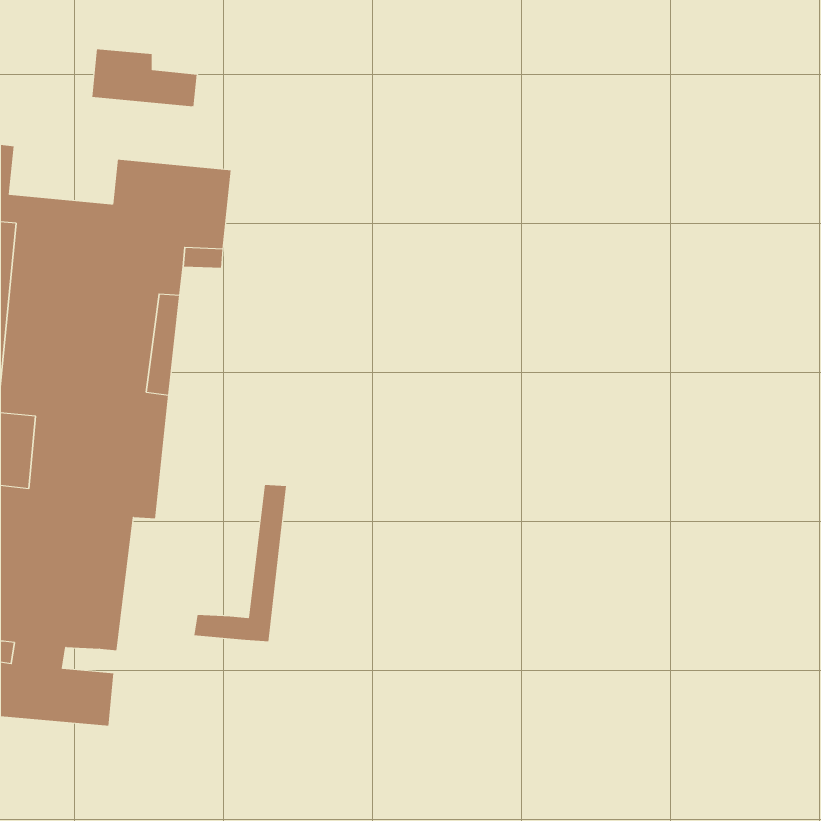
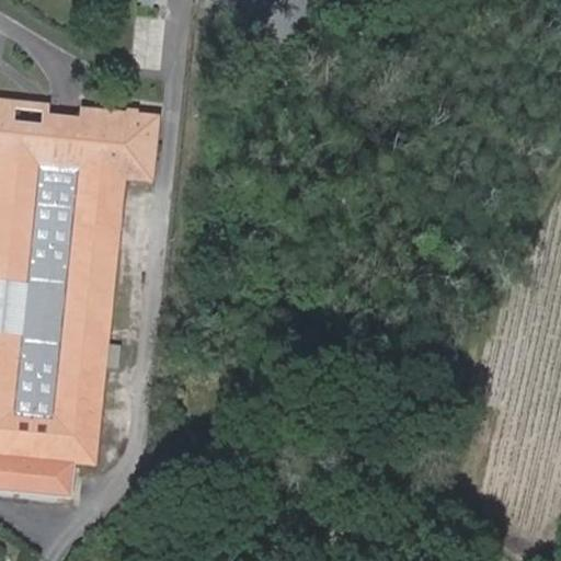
building: [91,49,198,107] -> [7,100,79,139]
building: [194,484,287,642] -> [43,353,106,460]

